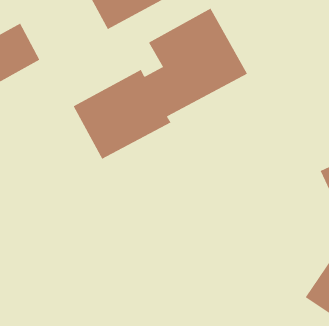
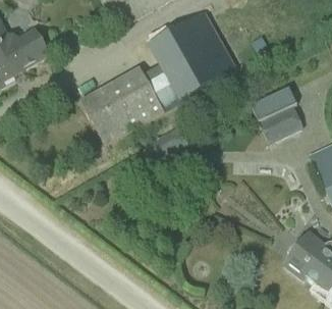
building: none -> [253,82,303,138]

